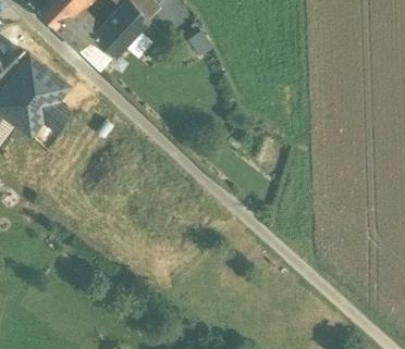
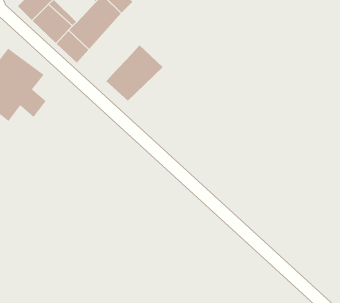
building: none -> [105,45,163,102]

